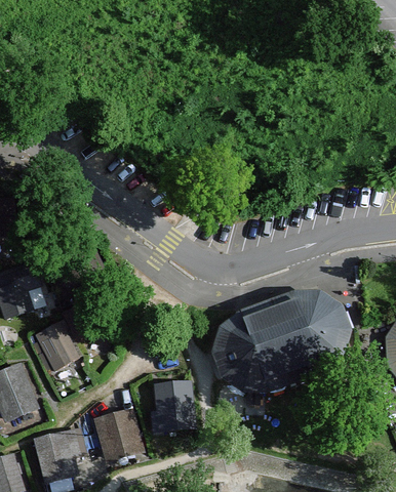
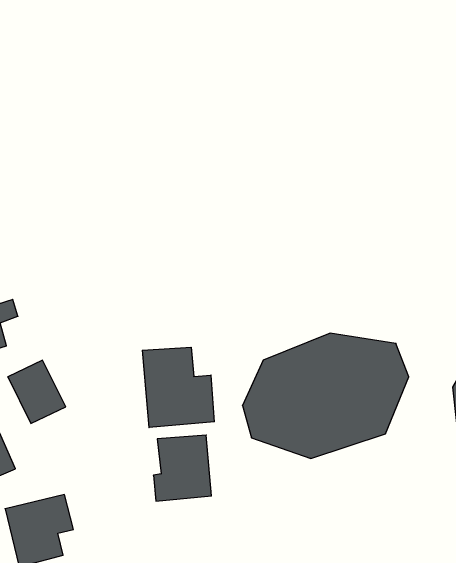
building: none -> [142,347,214,428]
building: [93,407,145,462] -> none

